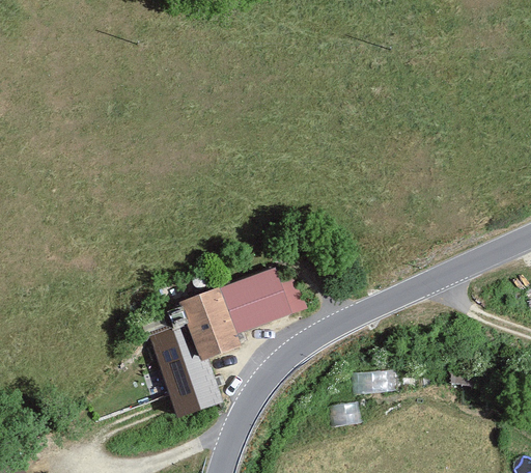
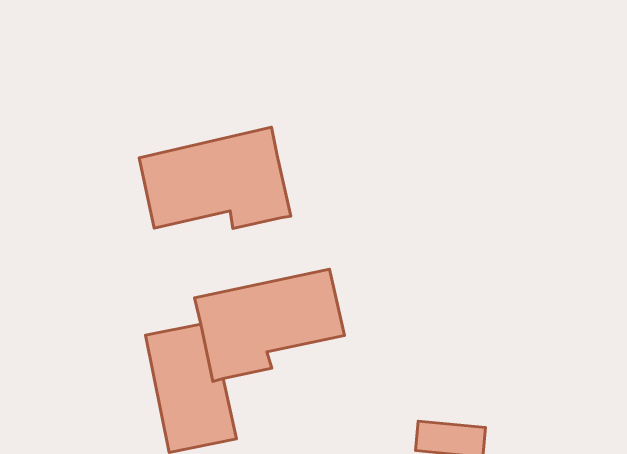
building: none -> [139,127,291,229]

